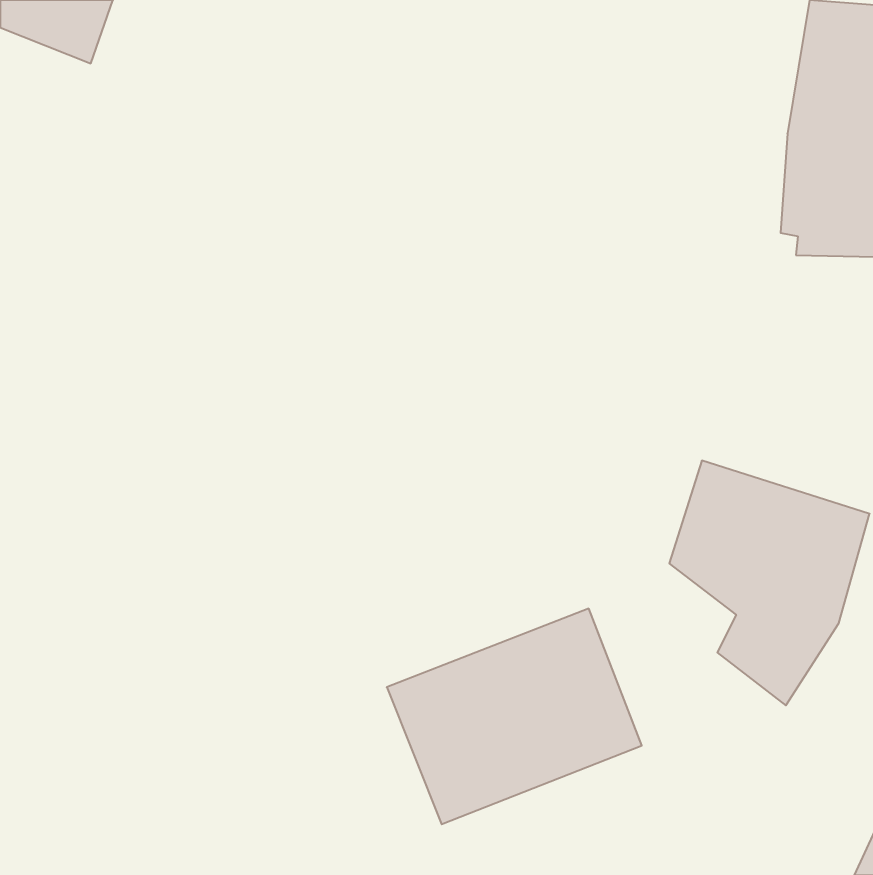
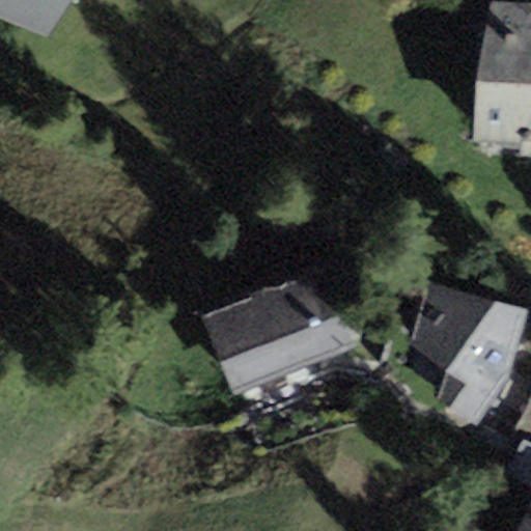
building: [387,609,642,824] -> [202,263,357,394]

